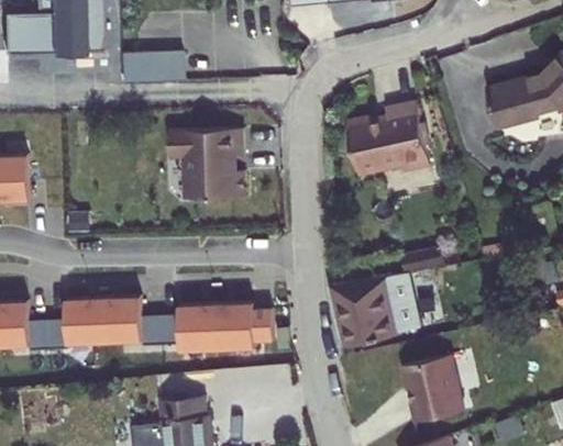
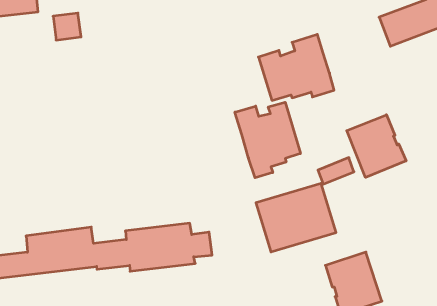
building: [146,53,180,81] -> none
building: [169,129,244,198] -> none
building: none -> [235,102,300,178]
building: none -> [347,115,406,177]

